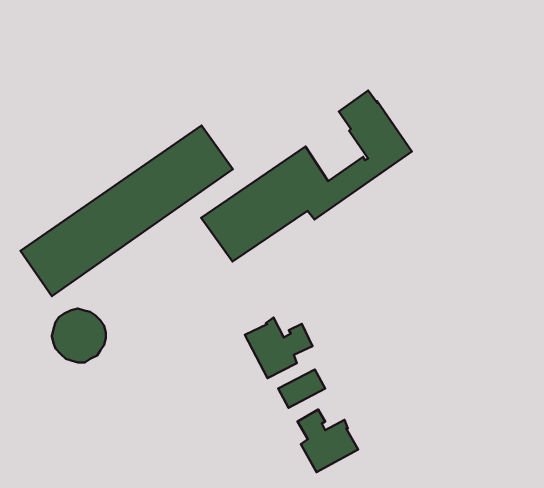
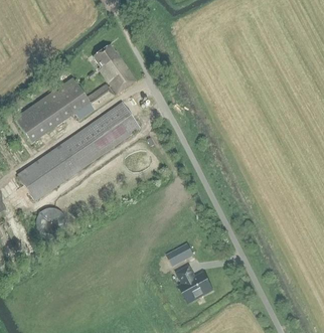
building: [201,91,412,261] -> [14,44,136,143]
building: [245,318,313,378] -> none

